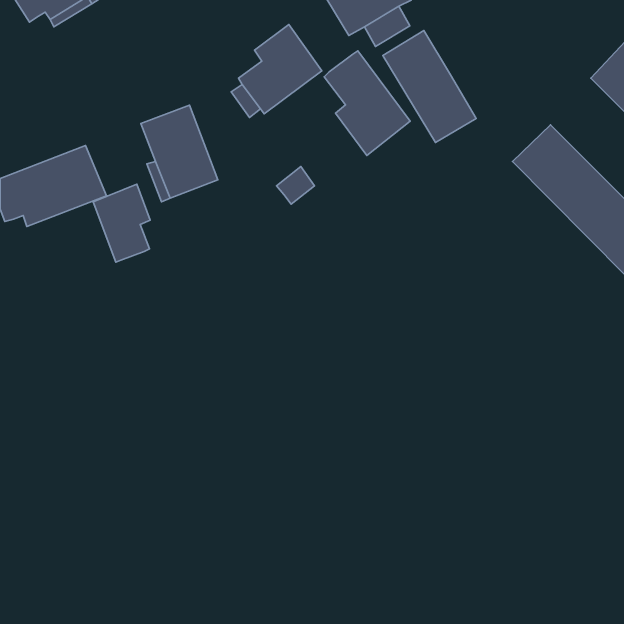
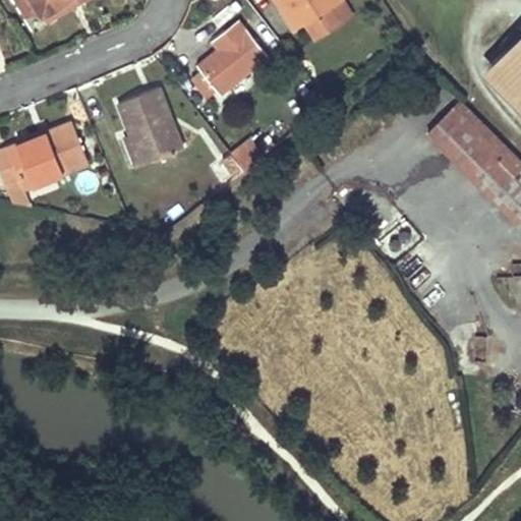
building: [383,30,476,143] -> none
building: [324,51,410,155] -> none
building: [93,184,150,262] -> none

